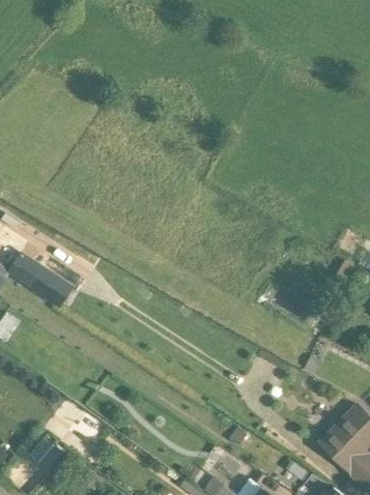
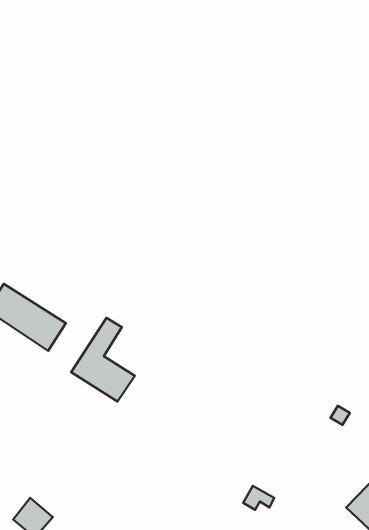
building: none -> [71,318,135,402]

